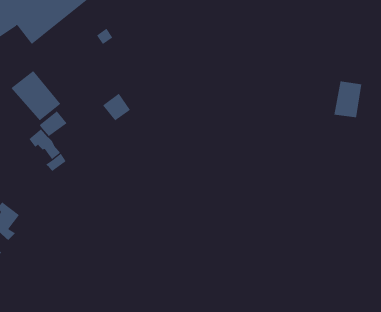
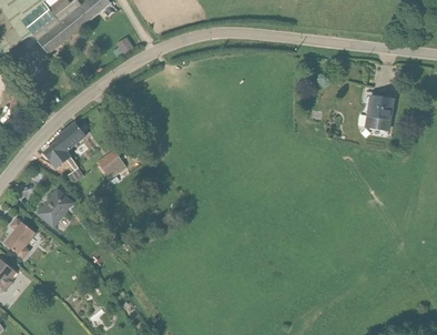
building: [11,70,61,121] -> none
building: [102,93,131,121] -> [95,149,125,179]
building: none -> [38,185,73,226]

